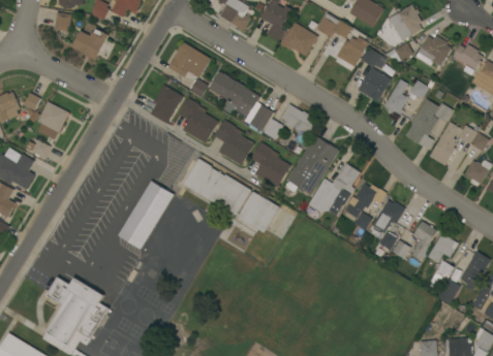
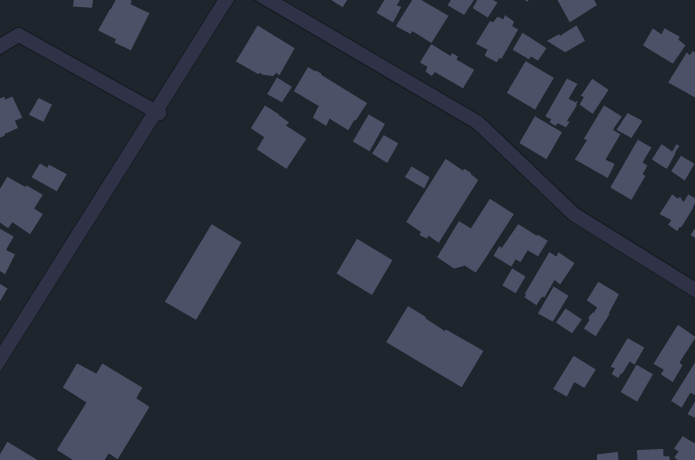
building: [415,35,452,66] -> none
building: [151,85,183,124] -> none
building: [36,101,70,139] -> none
building: [281,104,320,136] -> [419,43,475,89]
building: none -> [519,115,563,160]
building: [214,120,254,165] -> none
building: [251,141,291,187] -> none
building: [183,158,252,216] -> [385,305,484,388]
building: [428,233,459,263] -> [552,355,597,398]

